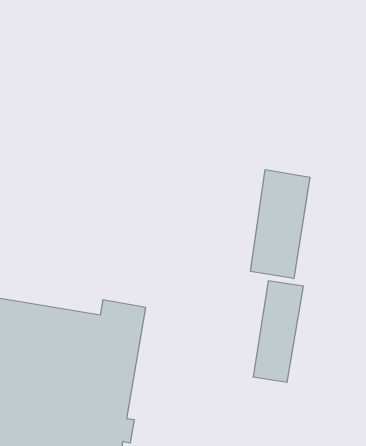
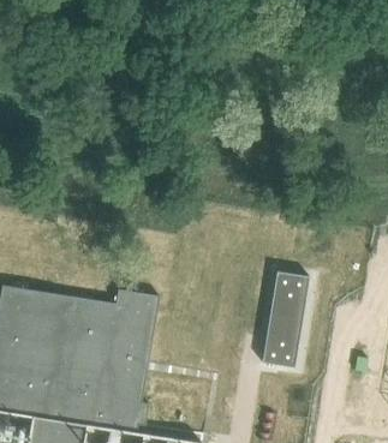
building: [251,170,310,279] -> none

